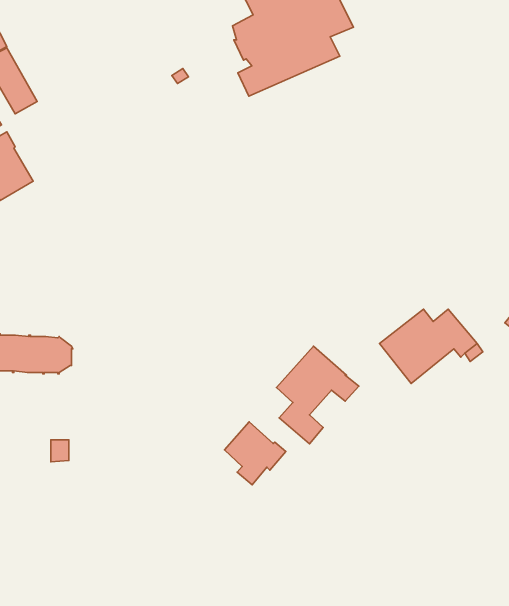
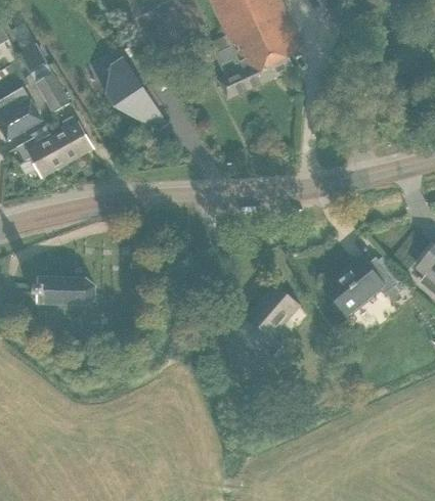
building: none -> [105,56,167,130]
building: none -> [51,115,91,161]
building: [225,422,286,485] -> none

